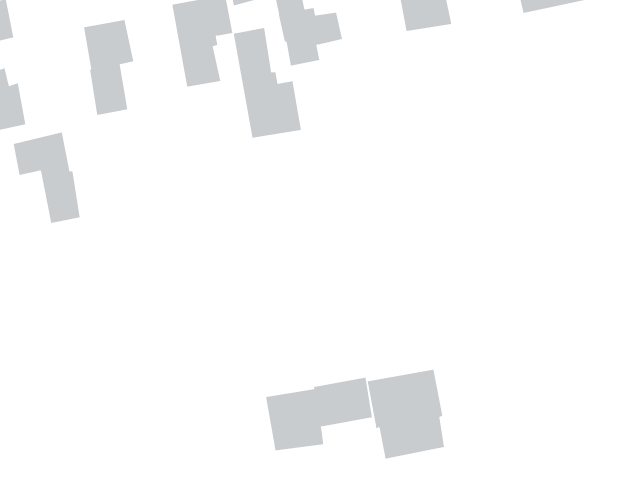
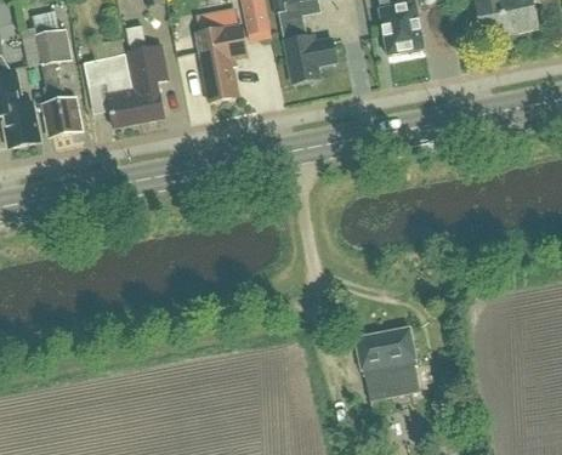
building: [233,27,302,138] -> none
building: [13,132,81,223] -> [83,52,137,126]
building: [266,377,373,451] -> none

